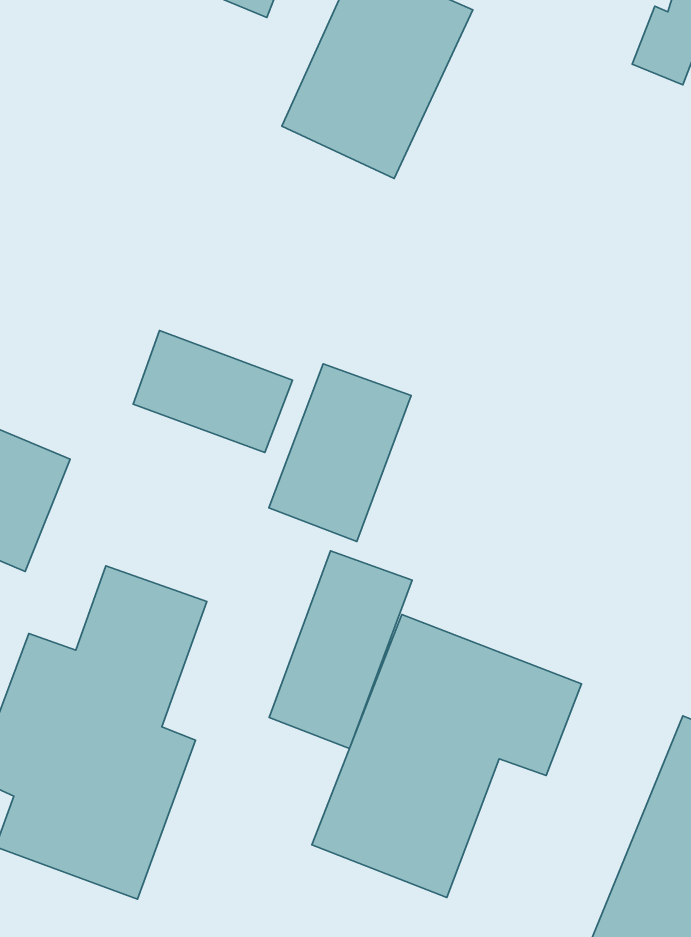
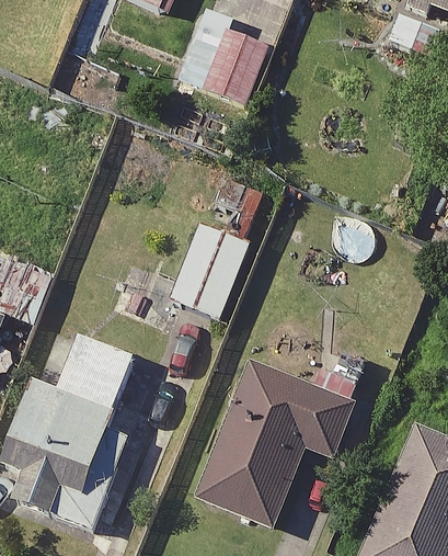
building: [133,331,293,453] -> none
building: [269,551,412,748] -> none

